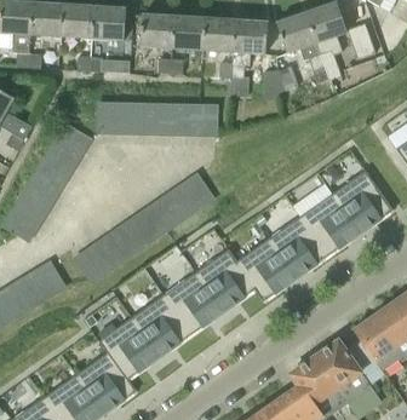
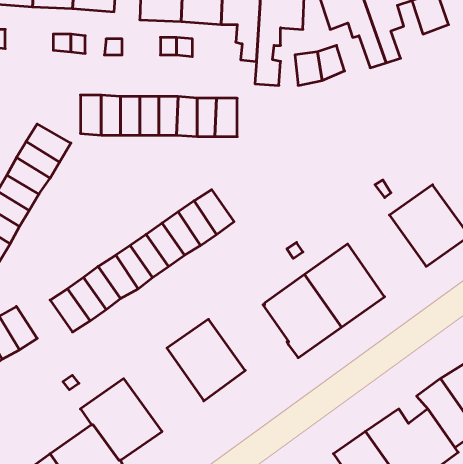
building: [300,194,360,255] -> none
building: [195,249,256,311] -> none
building: [131,294,191,357] -> none

